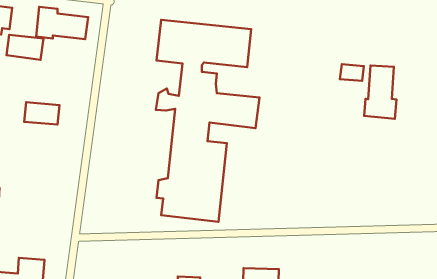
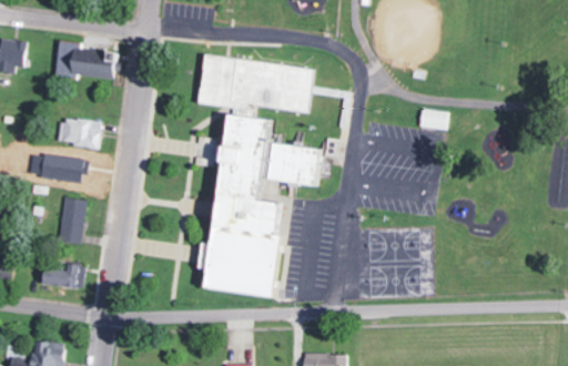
building: [6,35,43,60] -> [57,118,101,148]
building: [364,66,396,119] -> none
building: none -> [59,197,85,243]
building: none -> [43,264,84,287]

